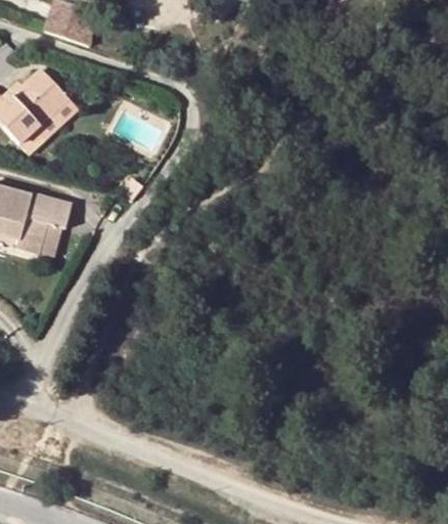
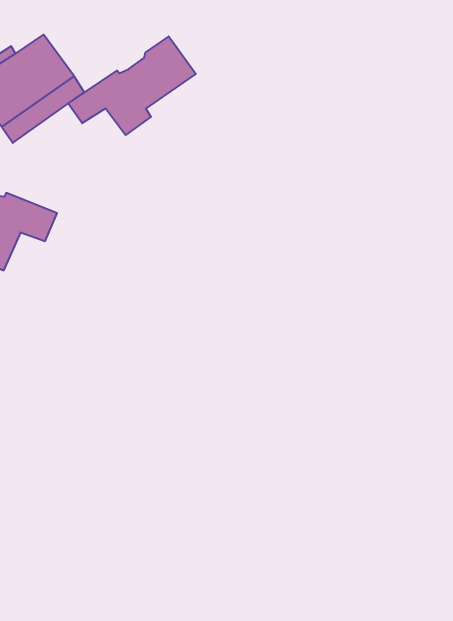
building: none -> [68,36,196,135]

